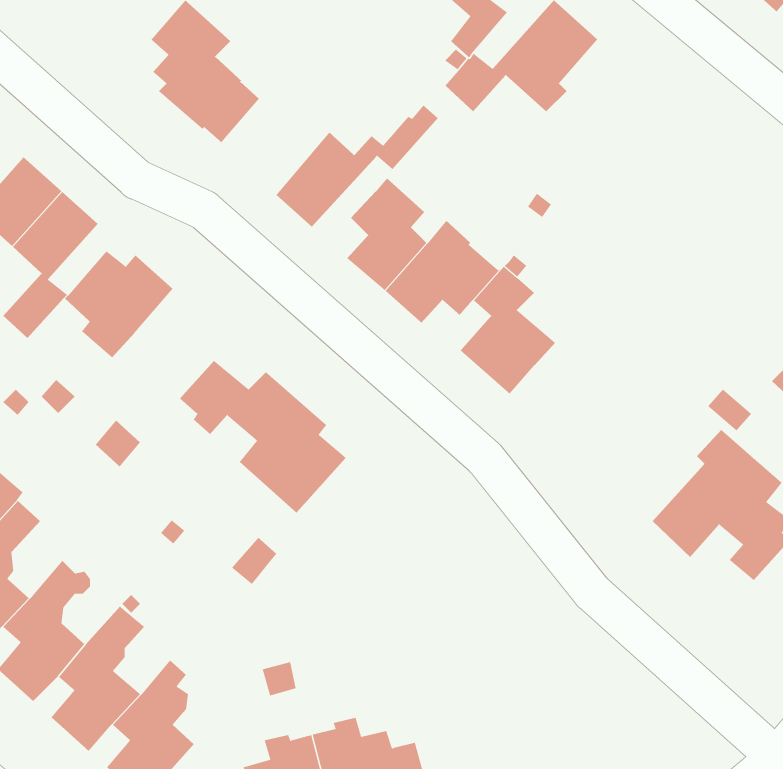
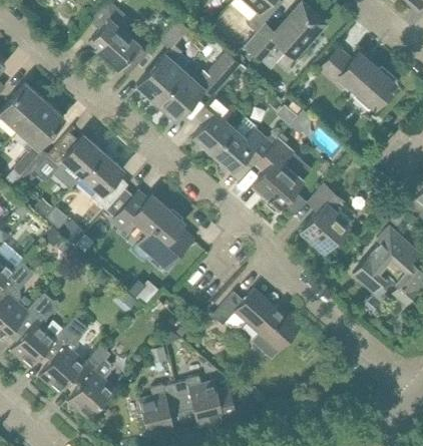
building: none -> [137,23,187,104]
building: none -> [321,50,395,109]
building: none -> [83,153,128,210]
building: none -> [301,187,356,253]
building: none -> [212,290,300,352]

